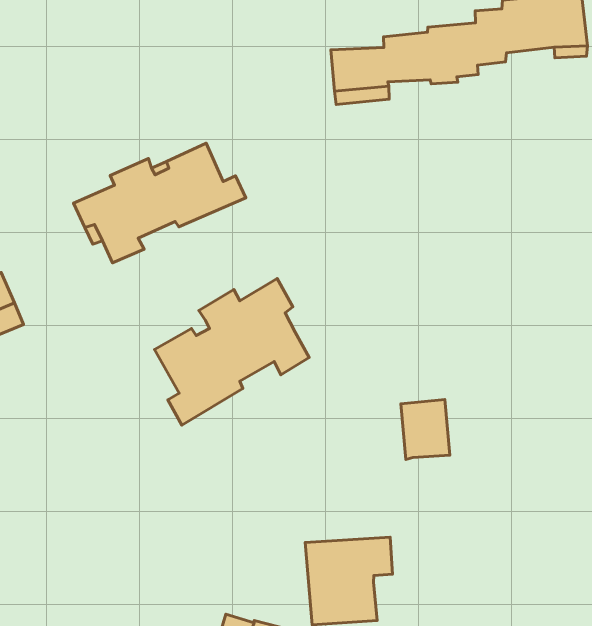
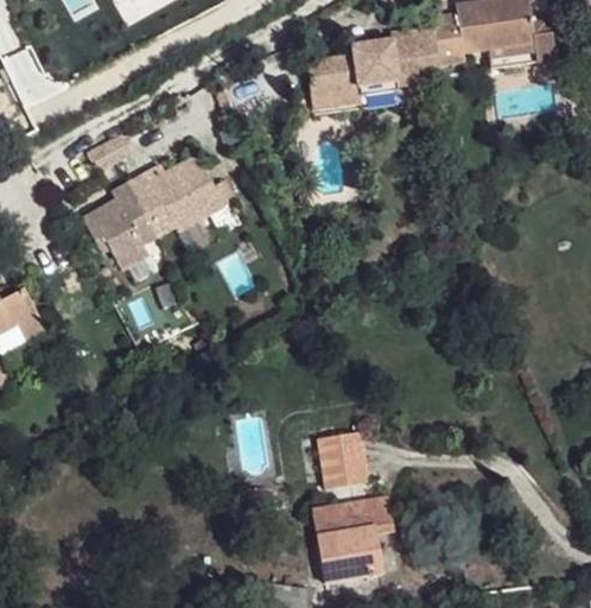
building: [155,278,309,425] -> none
building: [401,399,450,460] -> [322,432,369,489]

